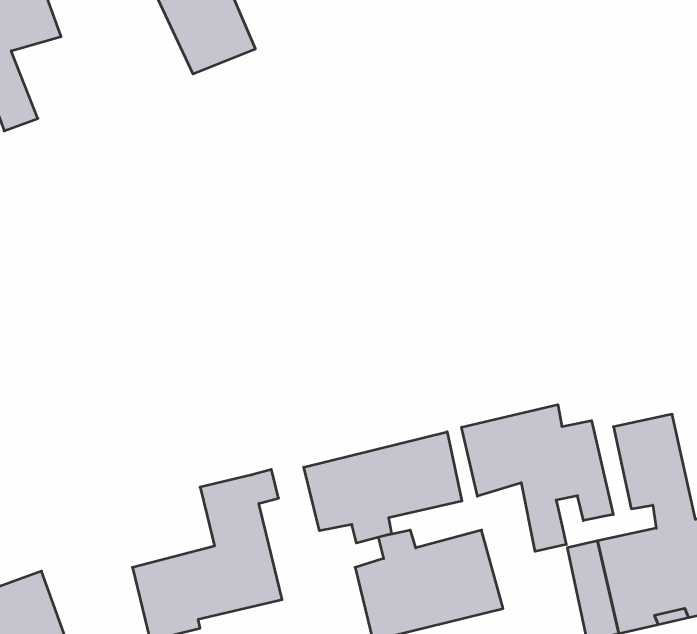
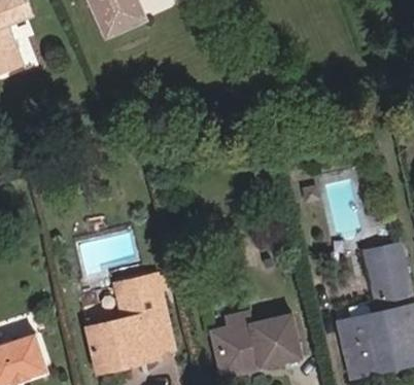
building: [462,405,613,551] -> none
building: [304,432,462,543] -> none

